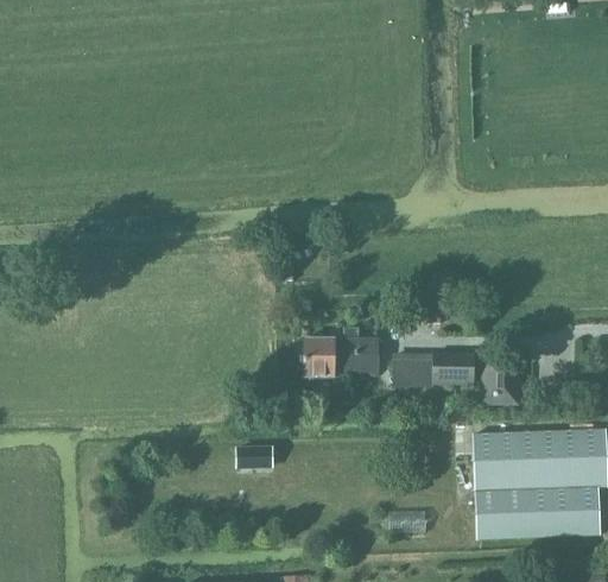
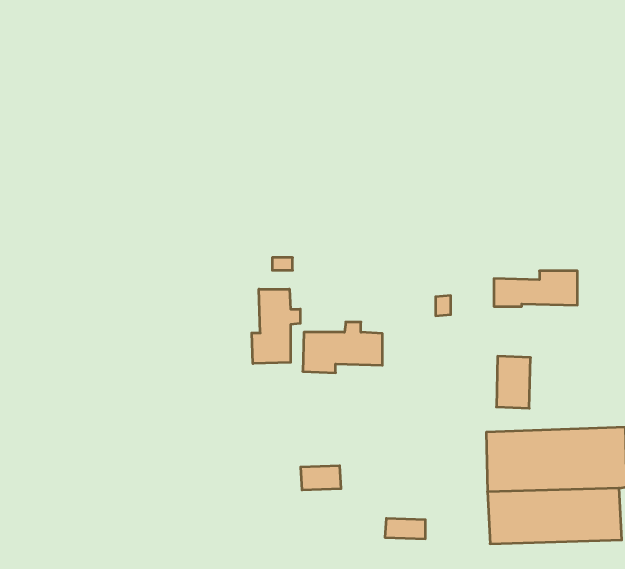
building: none -> [252,289,300,364]
building: [393,353,471,386] -> [494,271,577,306]
building: [236,447,274,469] -> [301,466,341,490]

